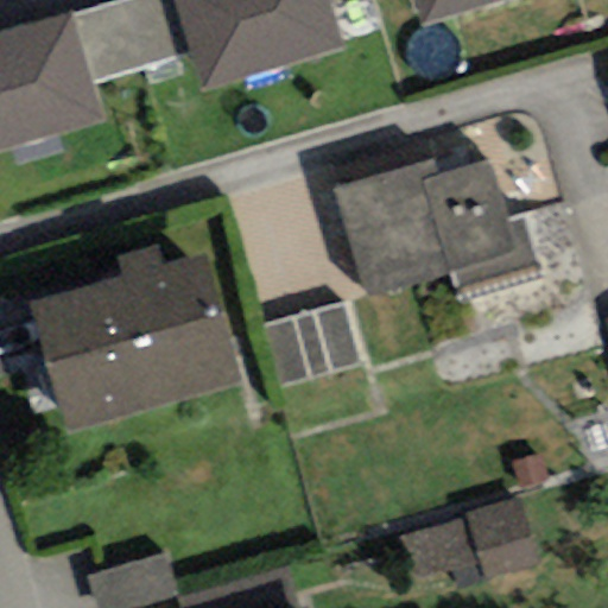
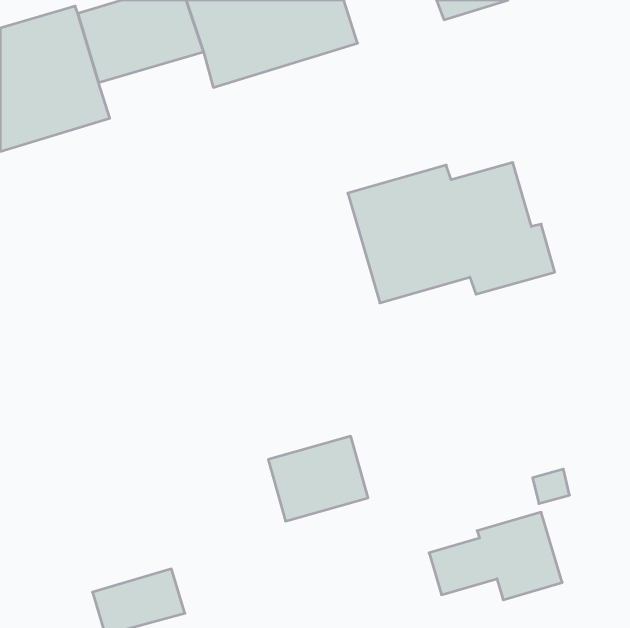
building: [13,261,218,428] -> none
building: [262,304,359,386] -> [268,436,368,521]

